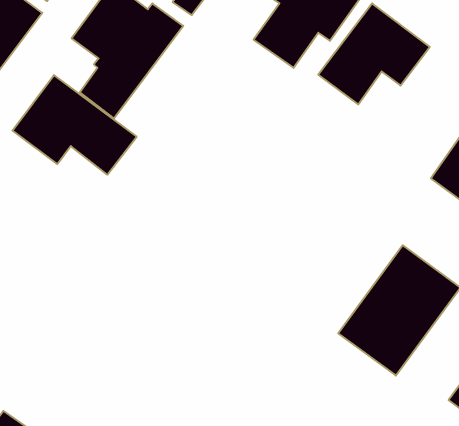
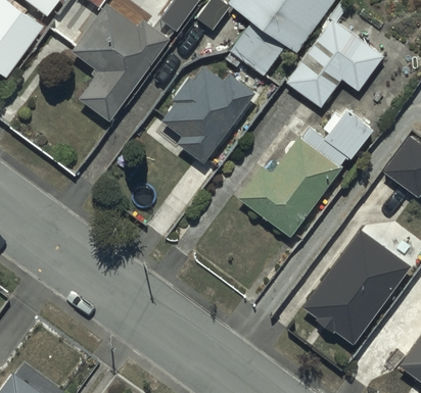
building: none -> [162,66,255,163]
building: [12,75,137,175] -> none
building: none -> [239,109,373,237]

